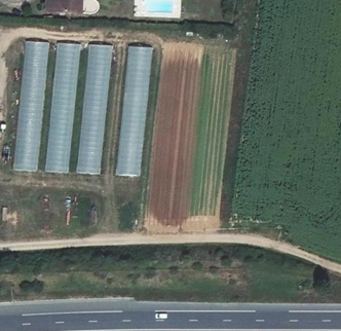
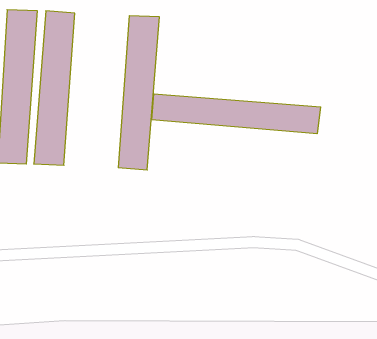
building: [78,43,111,175] -> none
building: none -> [152,94,321,134]

